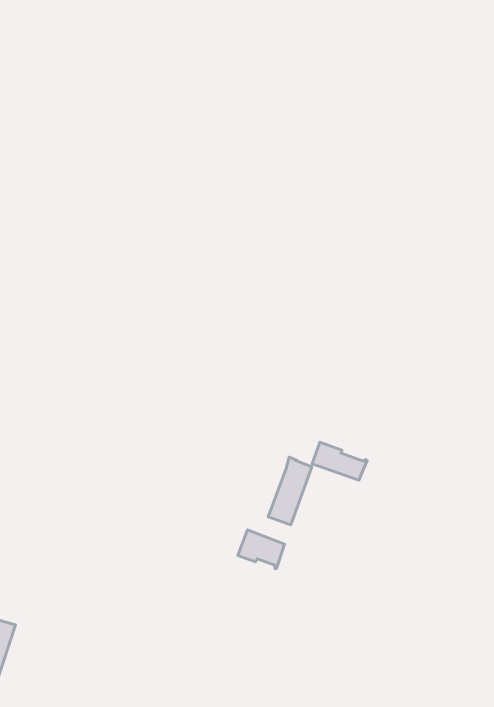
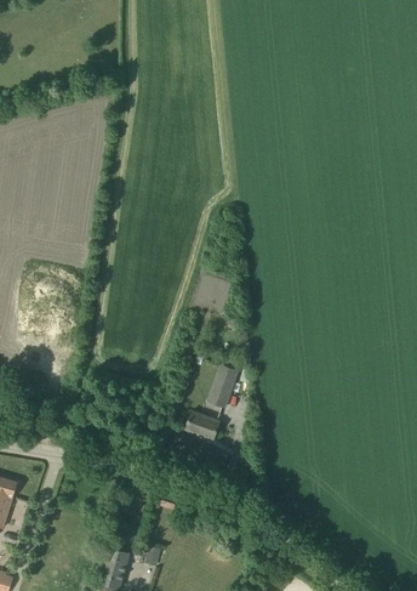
building: [312,442,367,480] -> none

